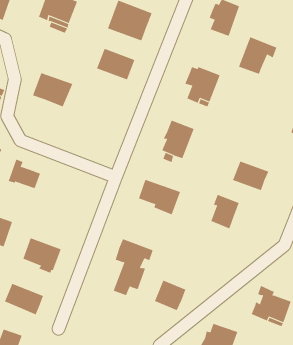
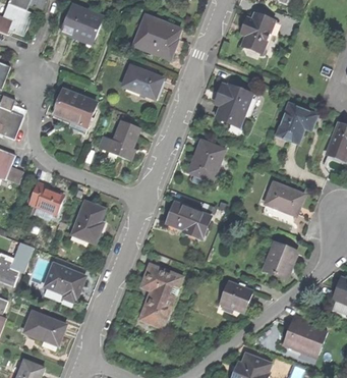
building: [238,37,277,75] -> [277,103,317,143]
building: none -> [106,120,139,159]
building: none -> [72,201,106,242]
building: [210,194,240,229] -> [267,241,297,278]
building: [154,280,186,311] -> [220,280,253,313]

